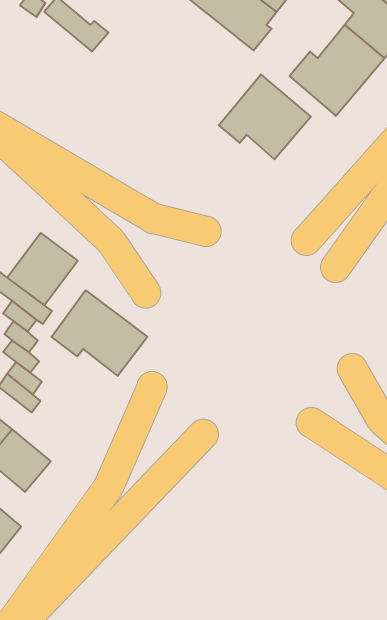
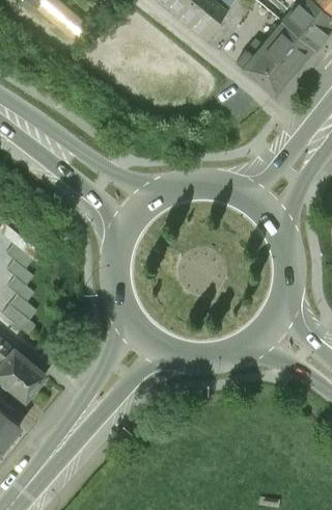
building: [219,74,311,159] -> none
building: [7,233,78,305] -> none
building: [51,290,147,376] -> none

